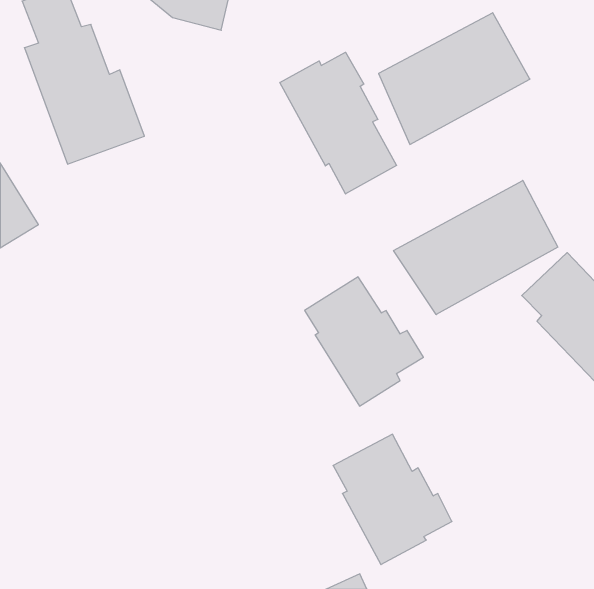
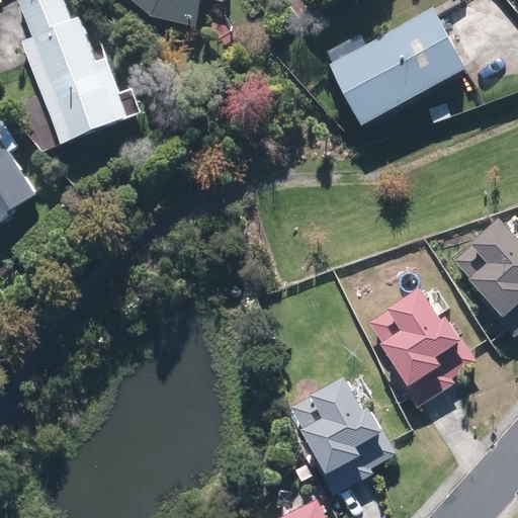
building: [280,52,397,194] -> none
building: [394,180,558,315] -> none
building: [305,277,423,406] -> [370,290,473,403]

